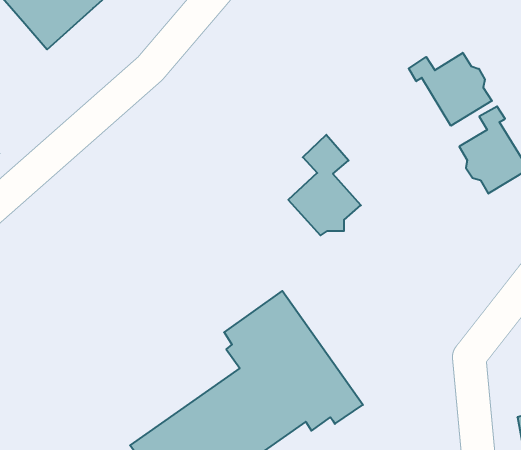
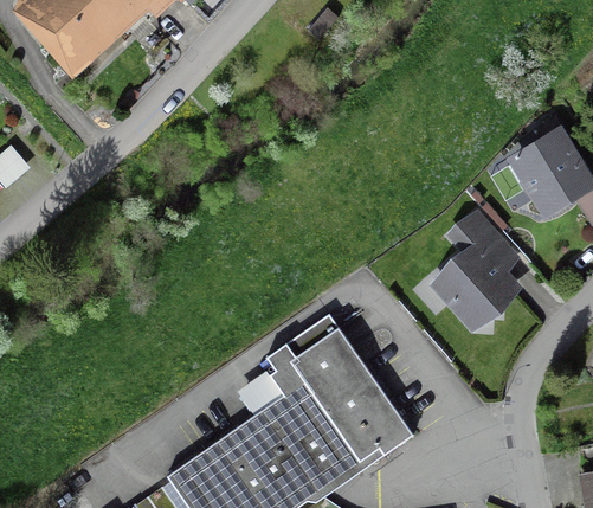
building: [409,53,492,126] -> none
building: [288,135,361,235] -> [436,214,513,321]

